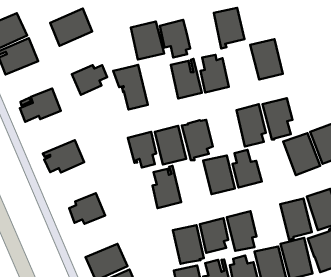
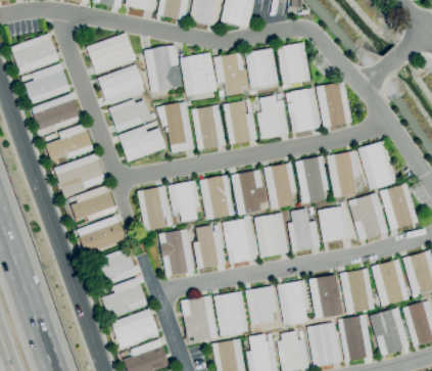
building: none -> [244,48,278,88]
building: none -> [143,46,181,92]
building: none -> [97,64,143,104]
building: none -> [285,87,320,133]
building: none -> [32,94,80,131]
building: none -> [191,103,226,150]
building: none -> [117,122,164,163]
building: none -> [357,141,396,190]
building: none -> [263,164,296,210]
building: none -> [54,153,105,197]
building: none -> [137,186,172,231]
building: none -> [318,202,350,242]
building: none -> [222,216,256,264]
building: none -> [77,216,125,254]
building: none -> [158,229,194,277]
building: none -> [308,275,342,319]
building: none -> [101,278,146,317]
building: none -> [180,296,218,342]

